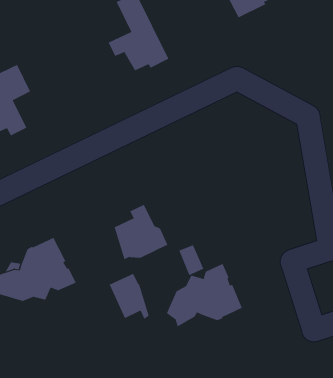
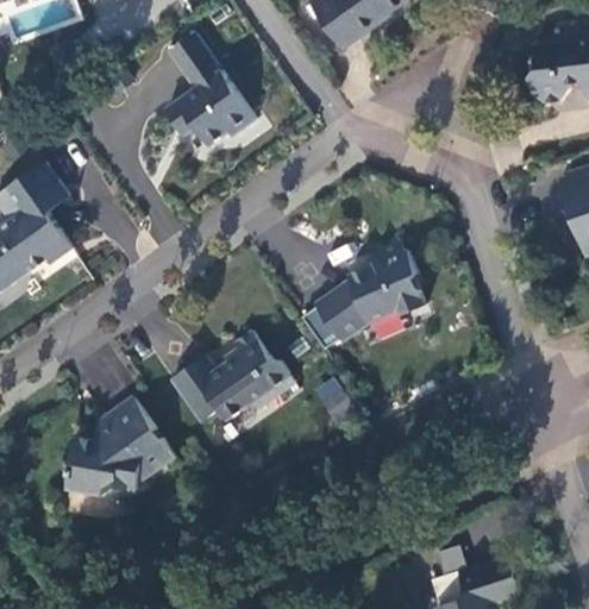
building: none -> [313,240,424,340]
building: [166,263,242,327] -> none
building: [109,273,150,319] -> [171,357,236,423]

